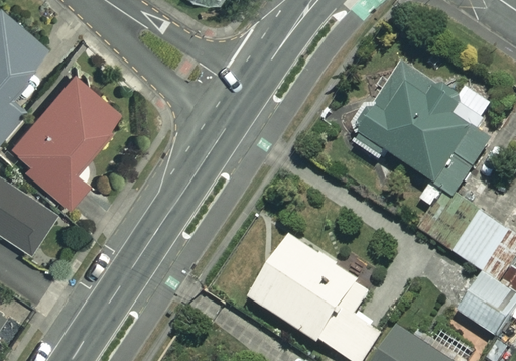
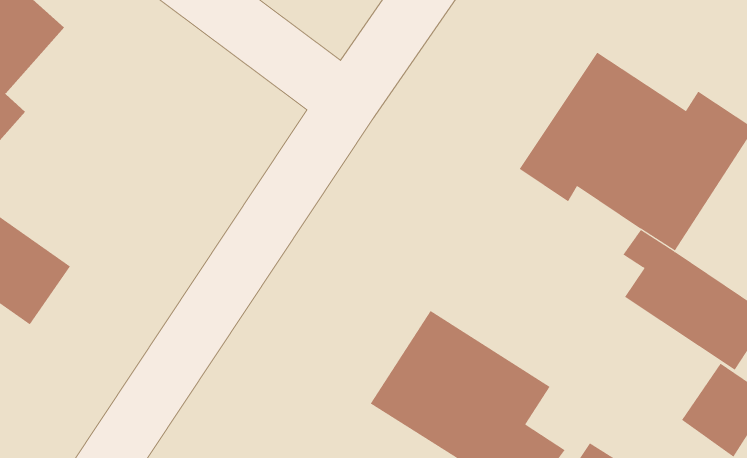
building: [9,73,121,205] -> none

